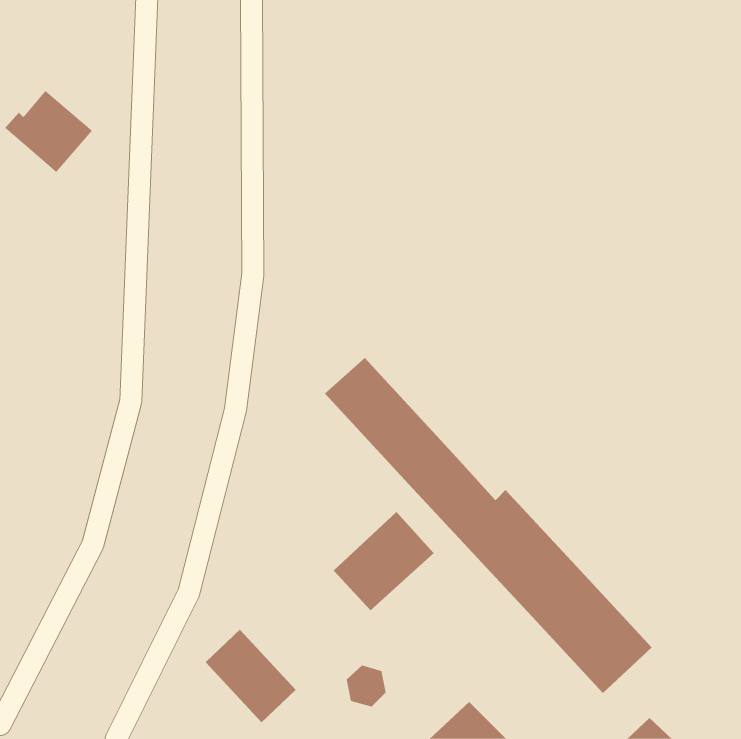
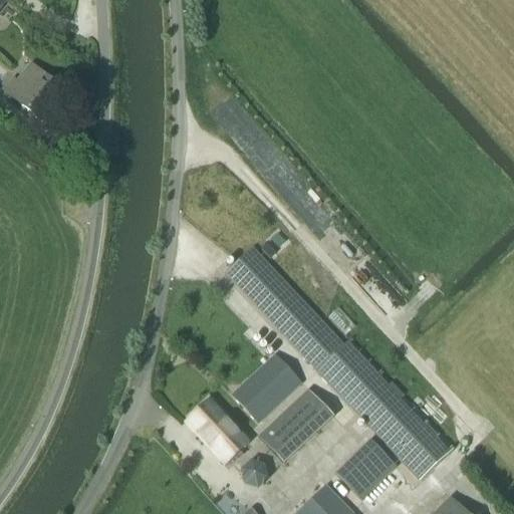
building: none -> [257,390,333,464]
building: [205,629,296,723] -> [186,400,249,465]
building: none -> [336,441,396,500]

